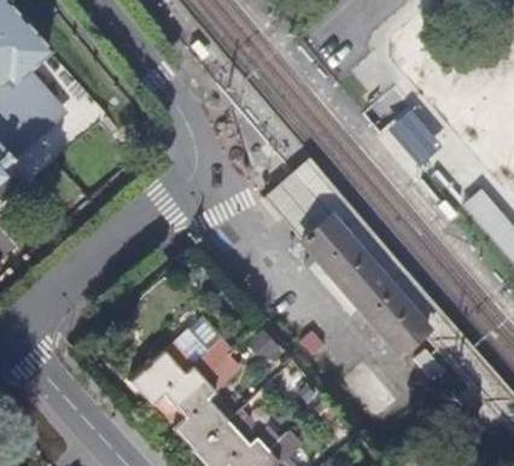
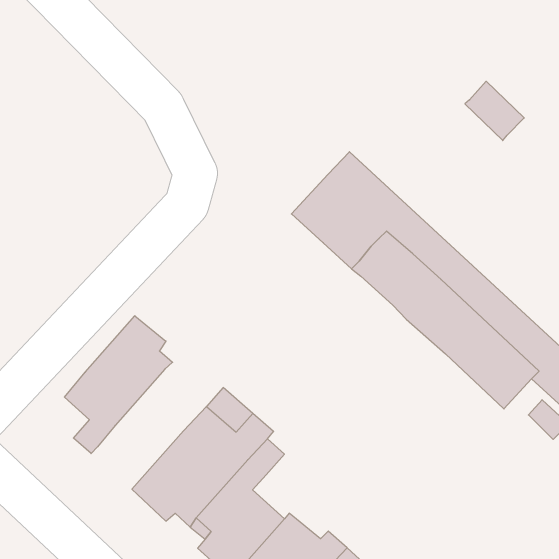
building: none -> [64,316,173,454]

